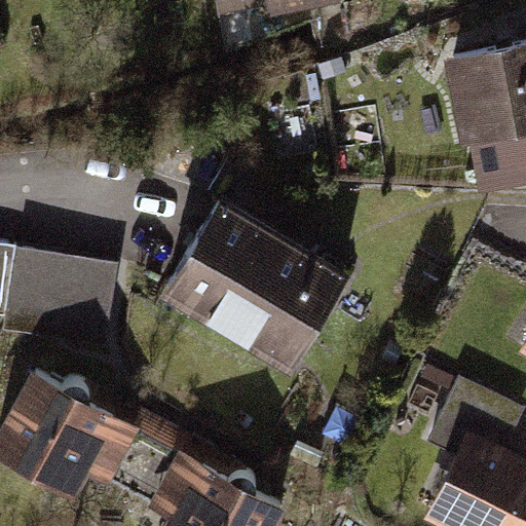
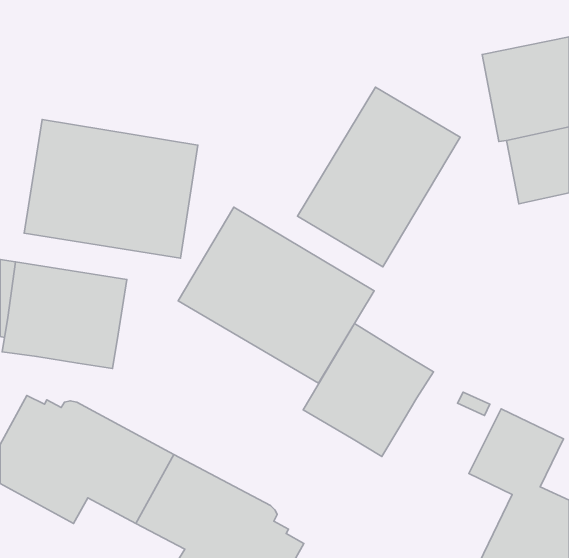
building: none -> [298,87,460,267]
building: none -> [24,119,198,258]
building: none -> [303,324,433,456]

